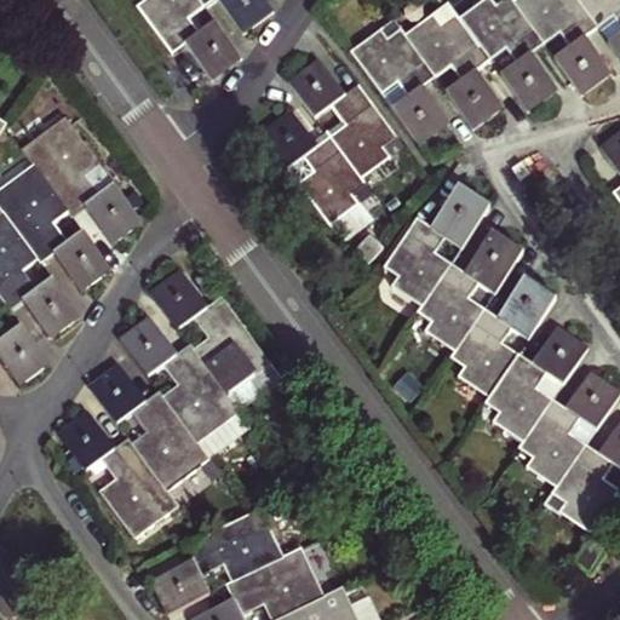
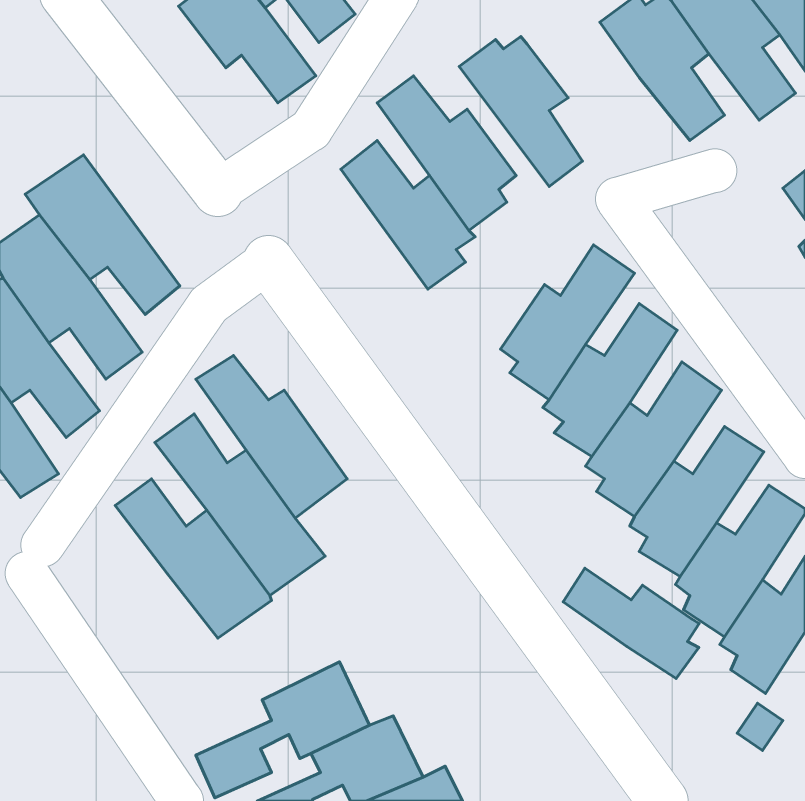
building: [404,11,501,126] -> none
building: [58,414,178,536] -> none
building: none -> [563,568,699,679]

